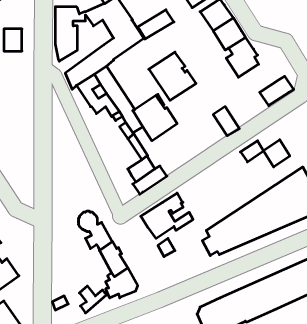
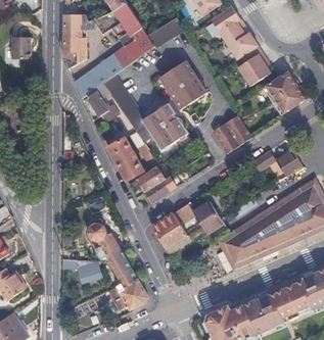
building: none -> [262,71,296,101]
building: none -> [212,124,238,153]
building: none -> [107,137,144,181]
building: none -> [193,199,227,236]
building: none -> [61,260,101,283]

